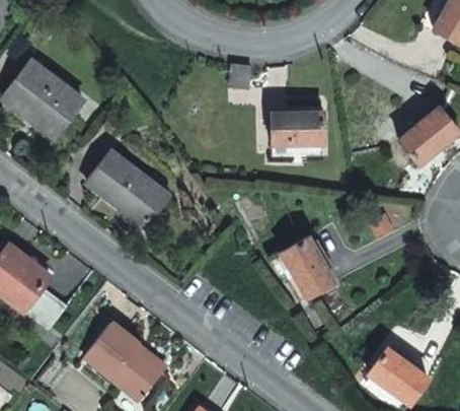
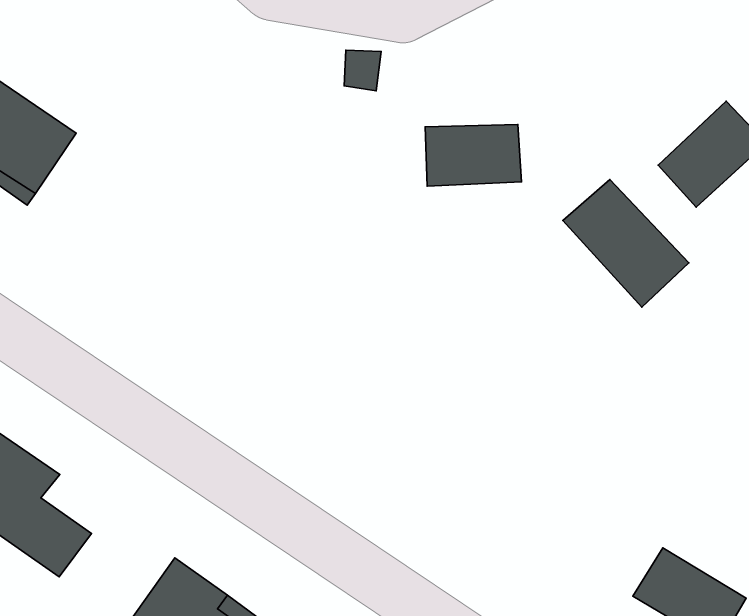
building: none -> [563,179,689,307]
building: [84,148,165,224] -> none
building: [282,231,335,292] -> none

